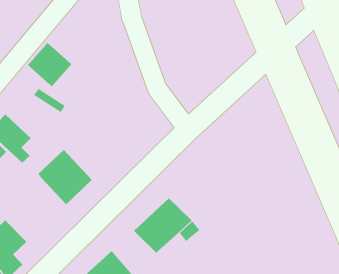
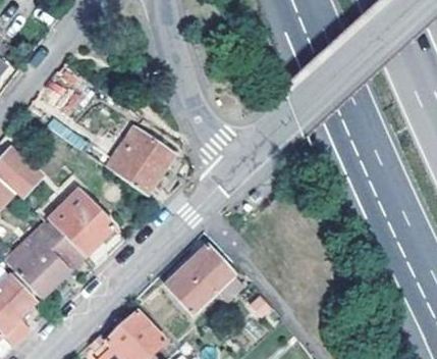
building: none -> [113,131,173,196]
building: none -> [7,222,83,298]

